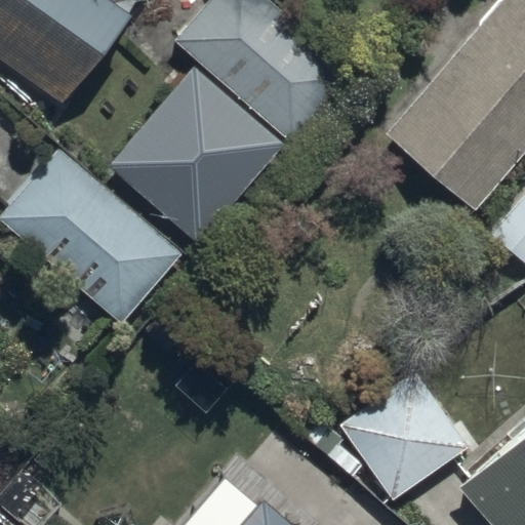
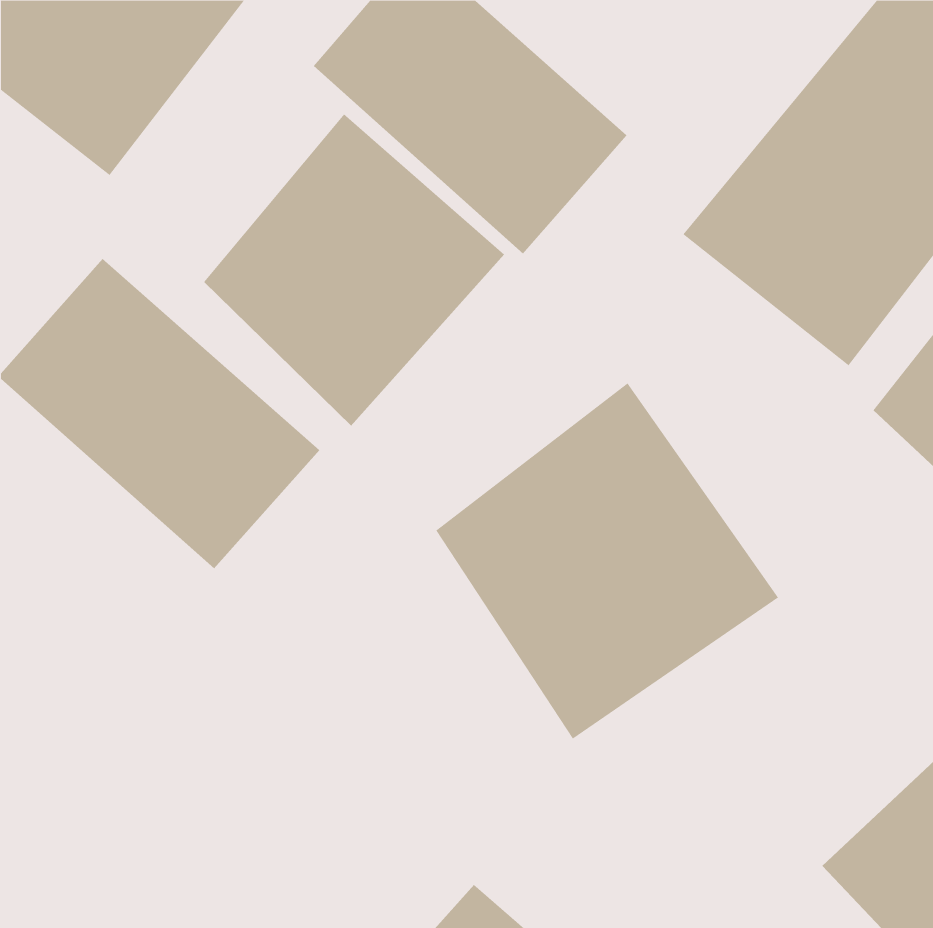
building: none -> [436,383,779,740]
building: [336,368,470,501] -> none

